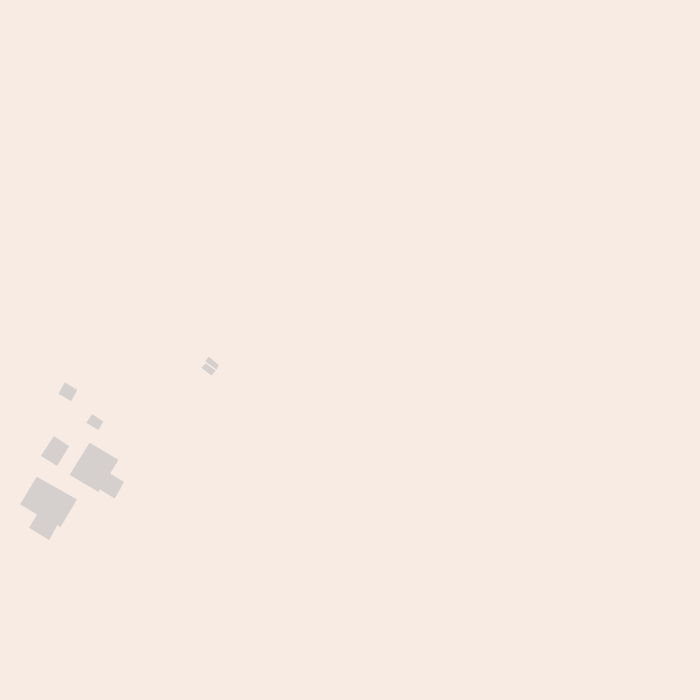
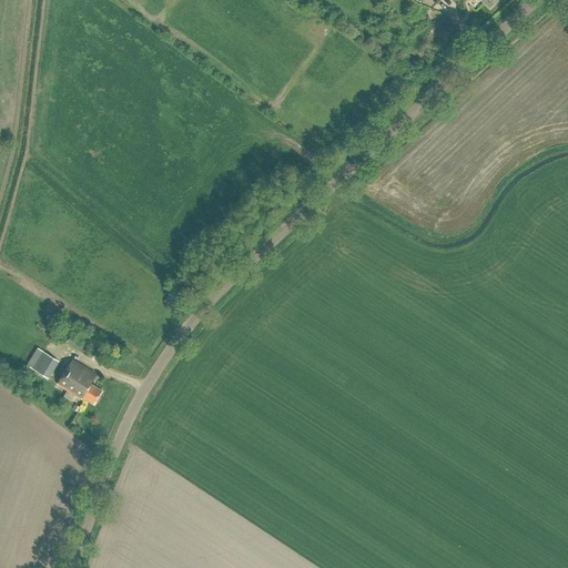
building: [19,476,78,541] -> none

